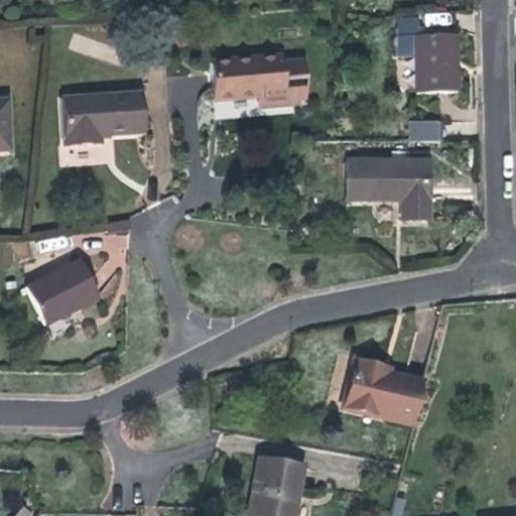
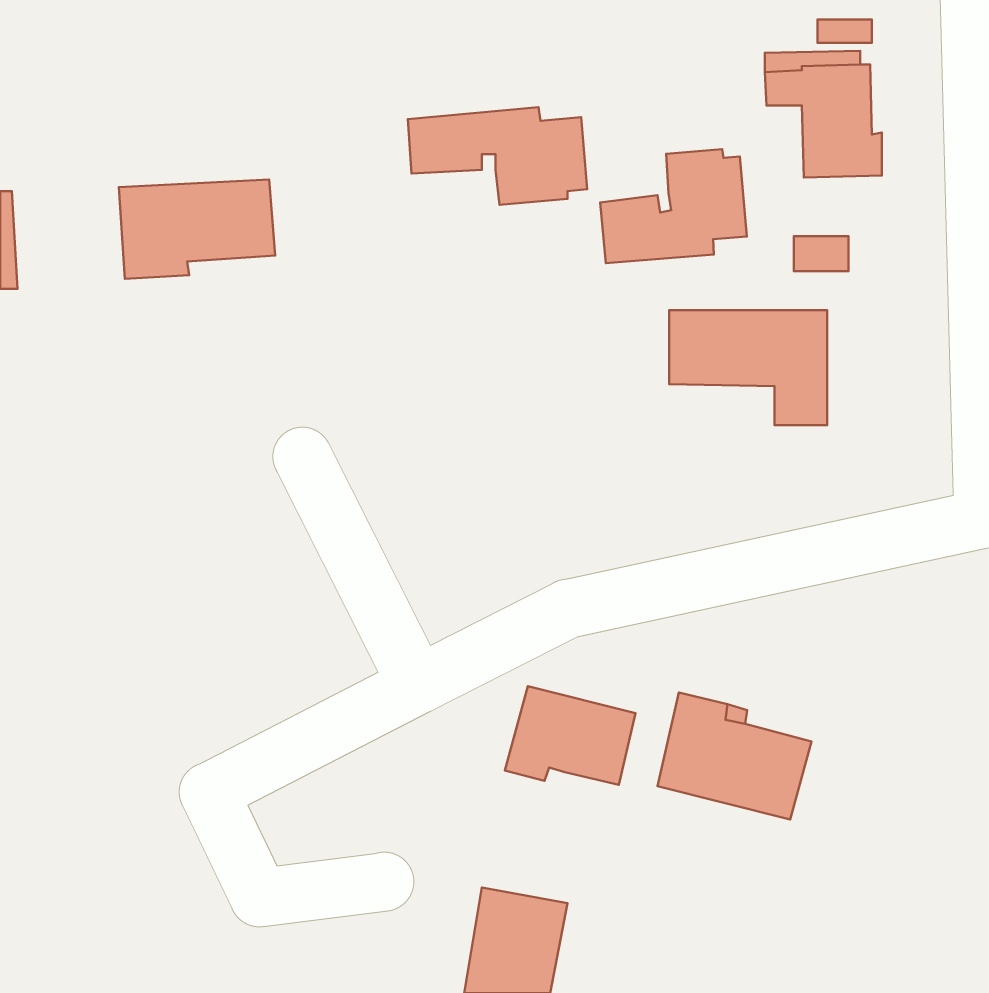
building: none -> [600,149,747,263]
building: [28,259,102,325] -> none
building: none -> [505,686,635,785]

